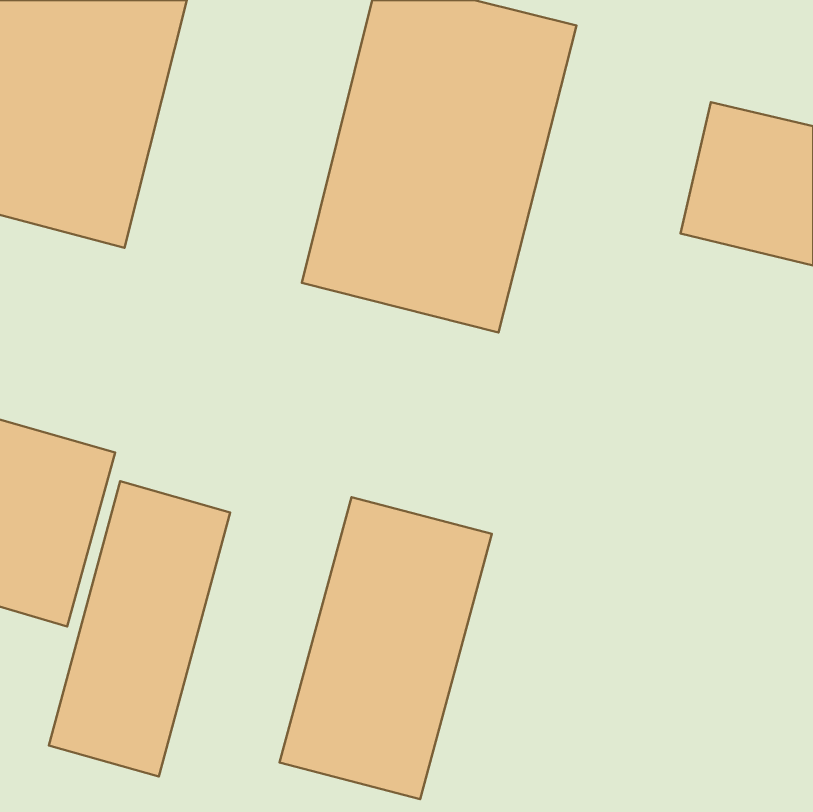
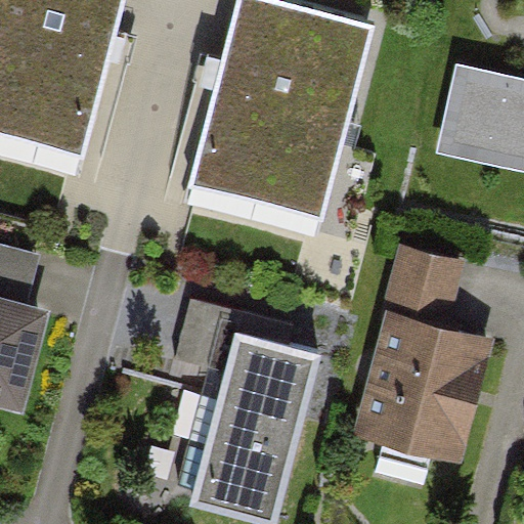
building: none -> [357,247,494,455]
building: [49,481,230,777] -> none

